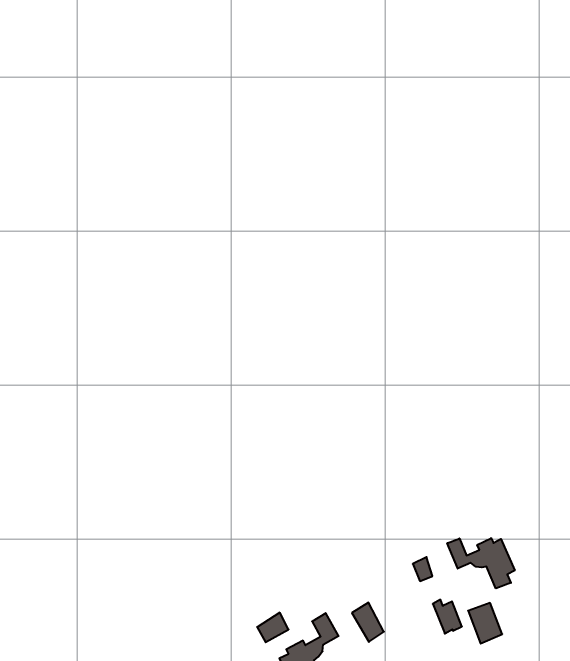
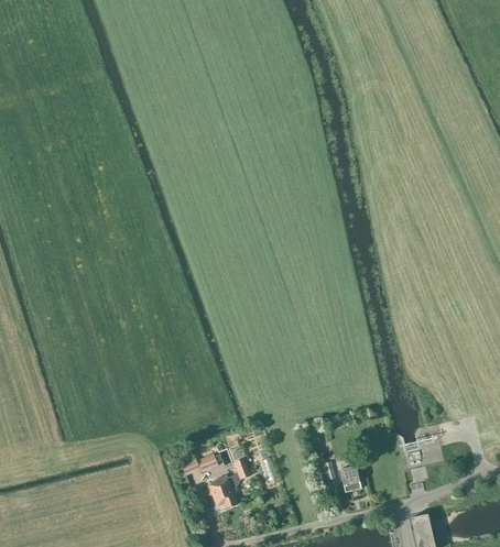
building: [447,538,515,588] -> none

